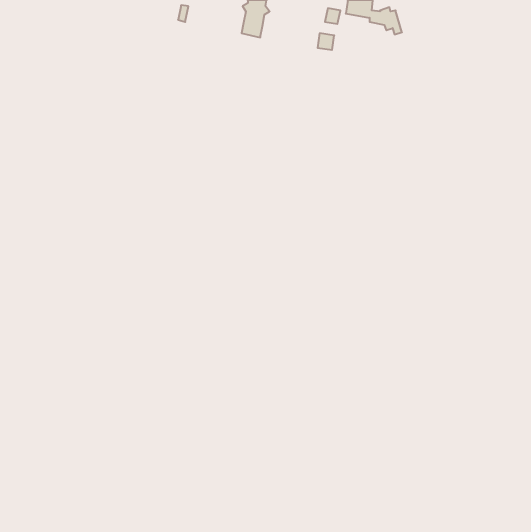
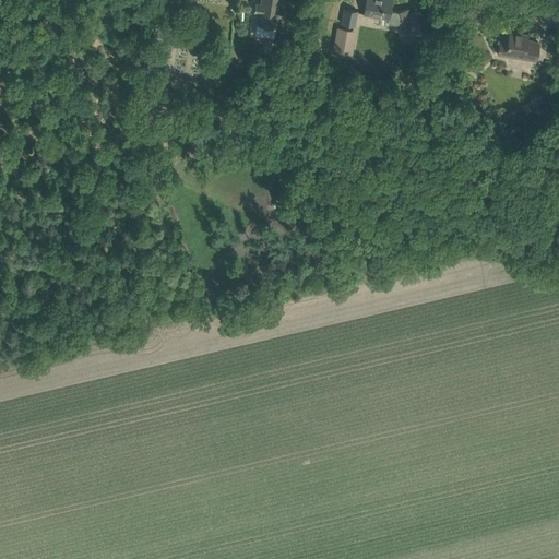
building: none -> [497,31,538,61]

